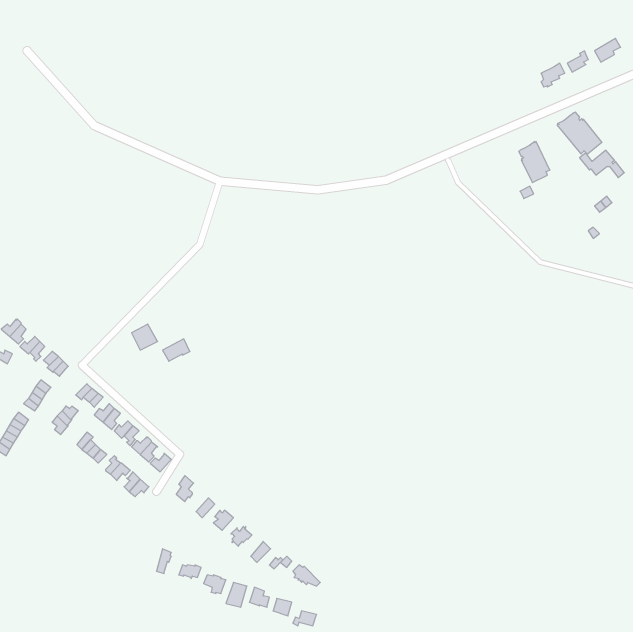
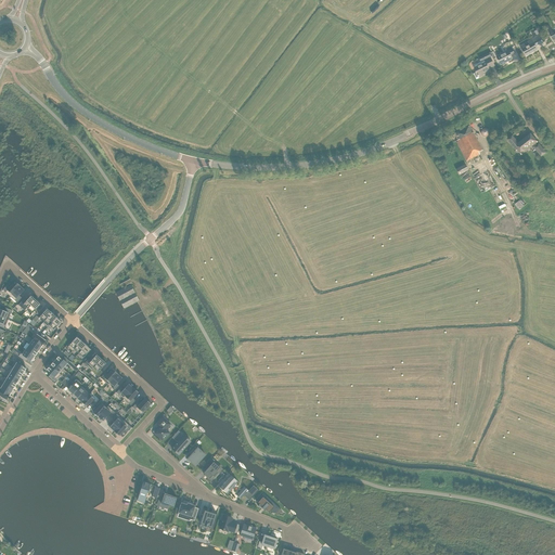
building: [557,112,602,154] -> none

